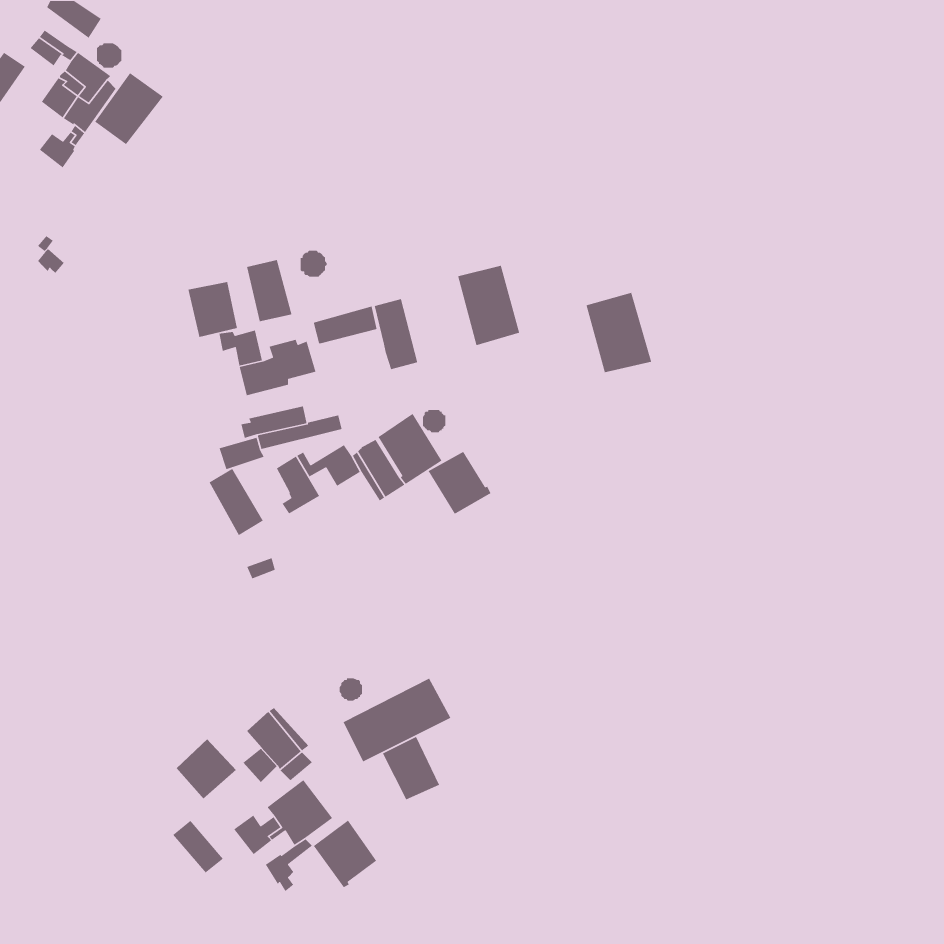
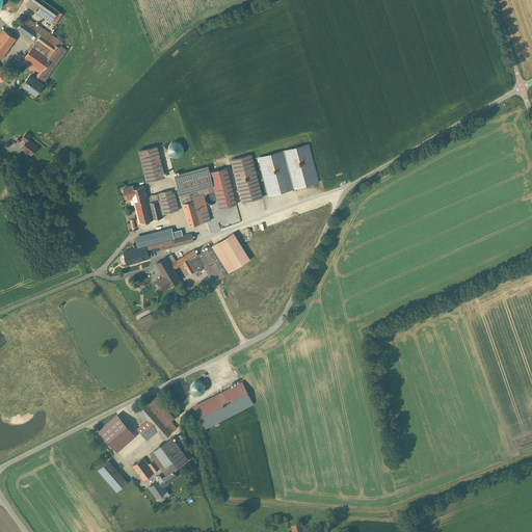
building: [94,72,164,145] -> none
building: none -> [231,155,261,203]
building: [188,281,238,338] -> none
building: [586,292,652,373] -> [282,142,319,188]
building: none -> [180,186,213,227]
building: [427,451,491,515] -> none
building: [208,468,264,536] -> none
building: [382,736,440,800] -> none
building: [313,819,377,888] -> none

